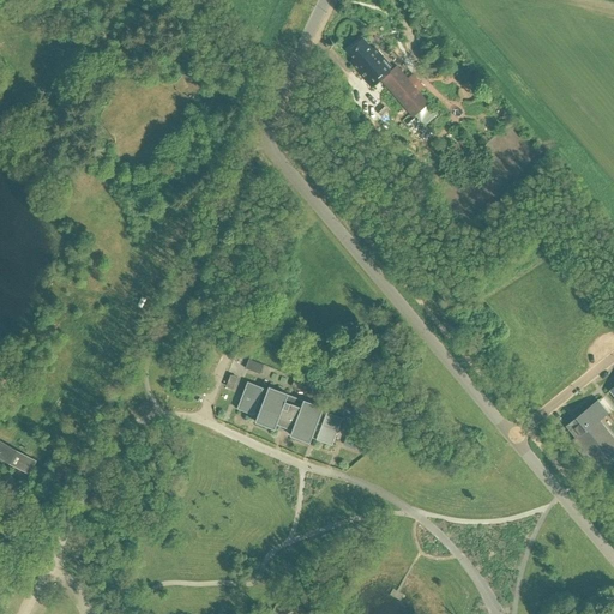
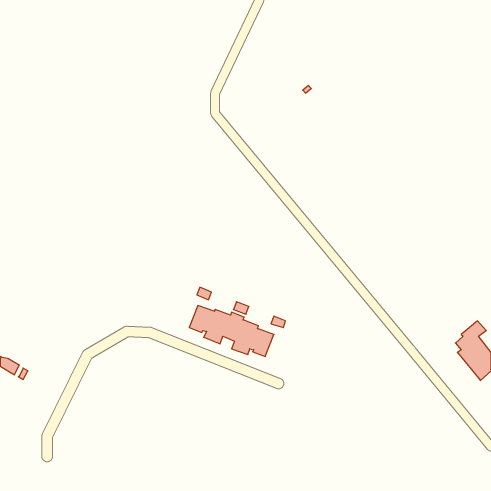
building: [348,38,429,118] -> none

